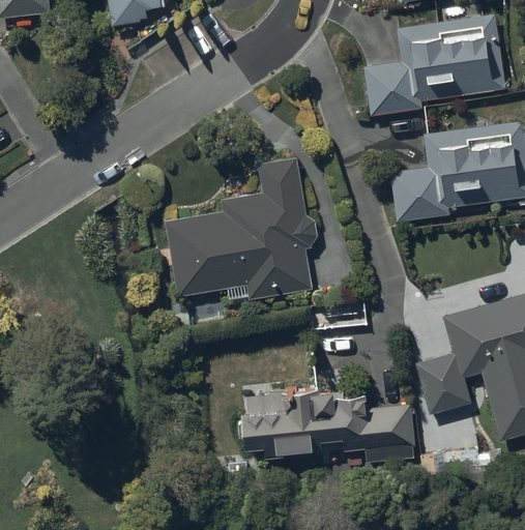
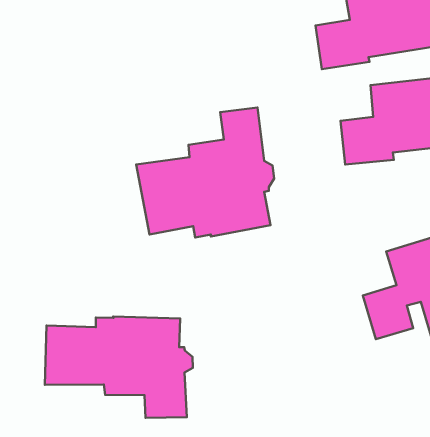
building: [243,386,416,463] -> none
building: none -> [45,316,193,418]

